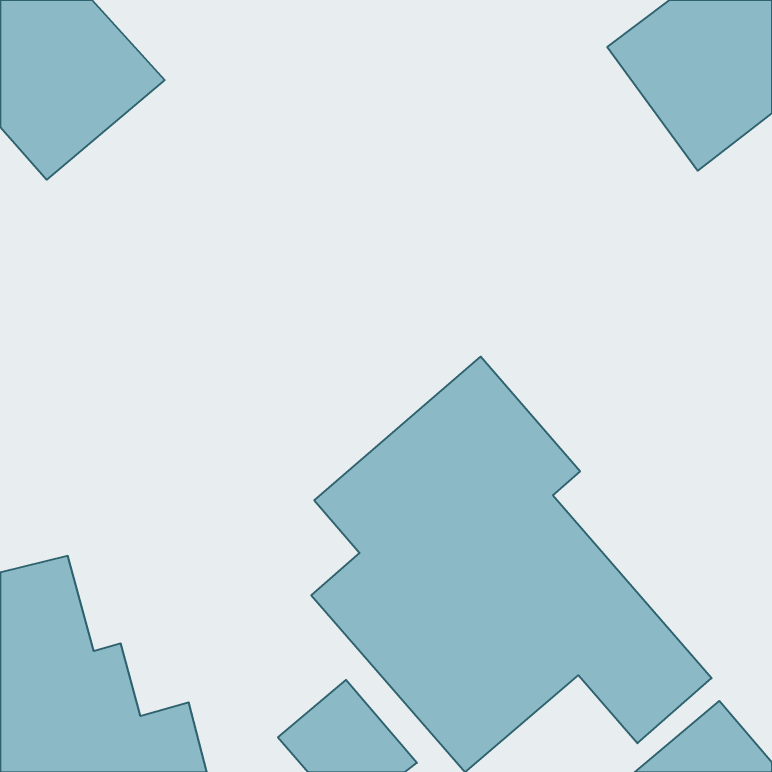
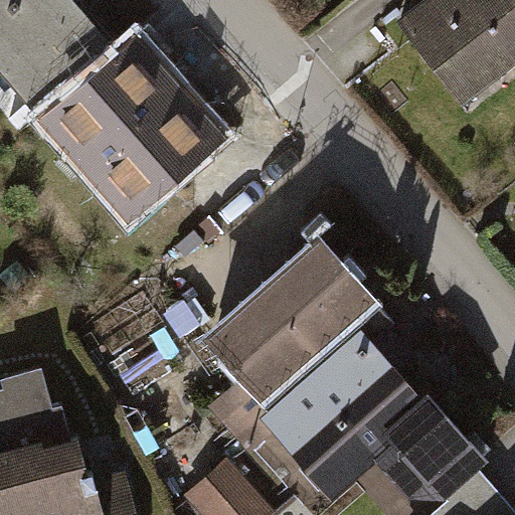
building: none -> [31,37,227,235]

